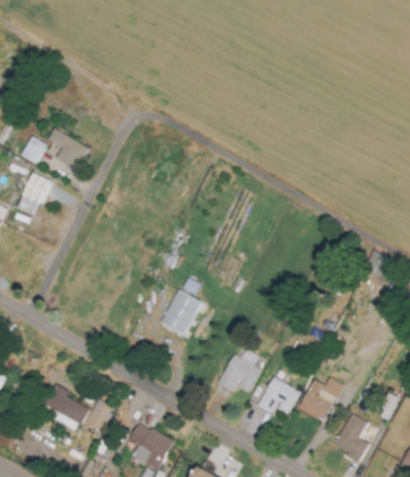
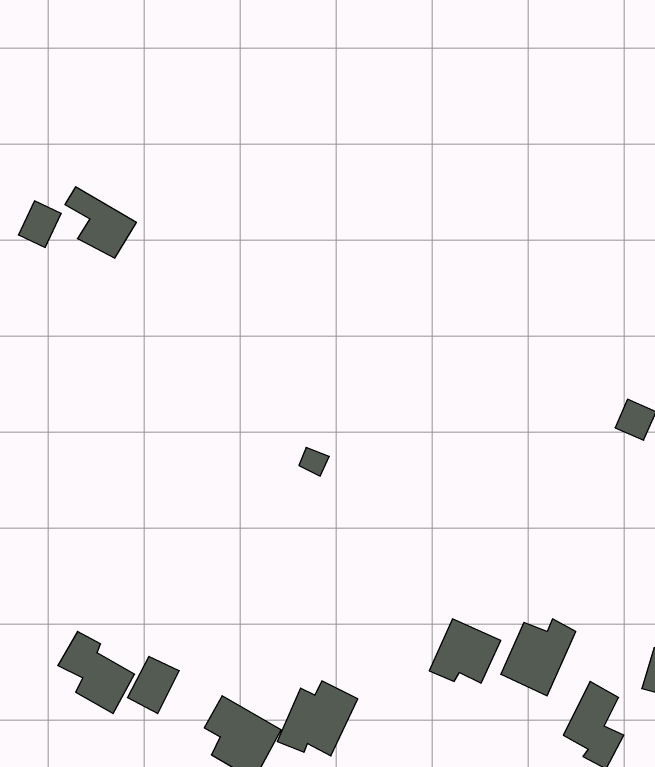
building: [15,172,50,216] -> none
building: [161,291,201,335] -> none
building: [218,349,265,393] -> [277,681,358,756]

